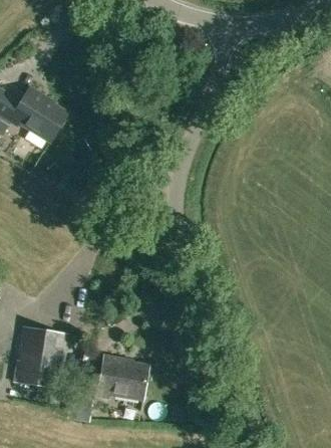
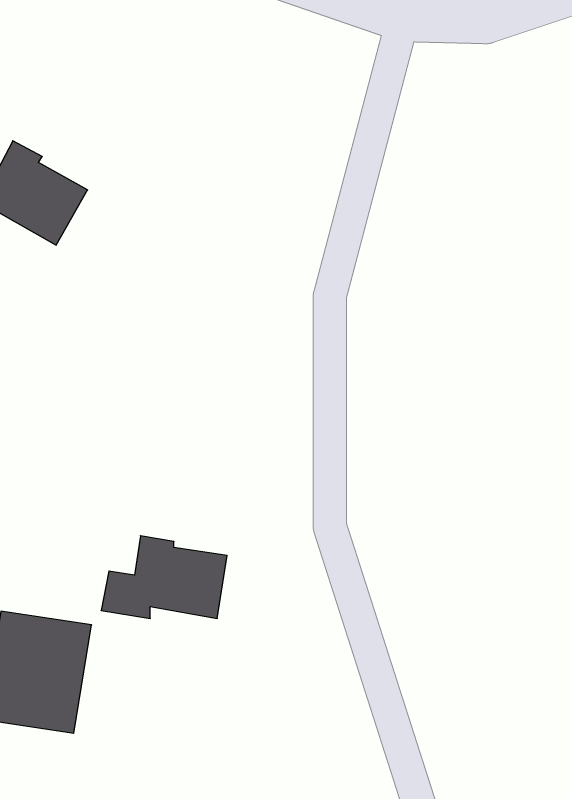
building: [83,356,147,398] -> [101,536,227,618]

